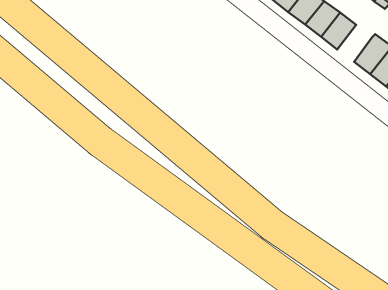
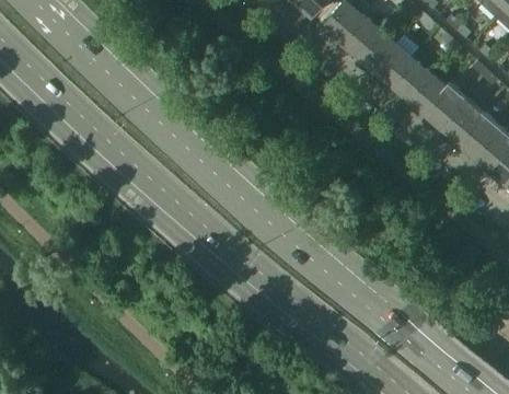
building: none -> [406,72,444,112]

